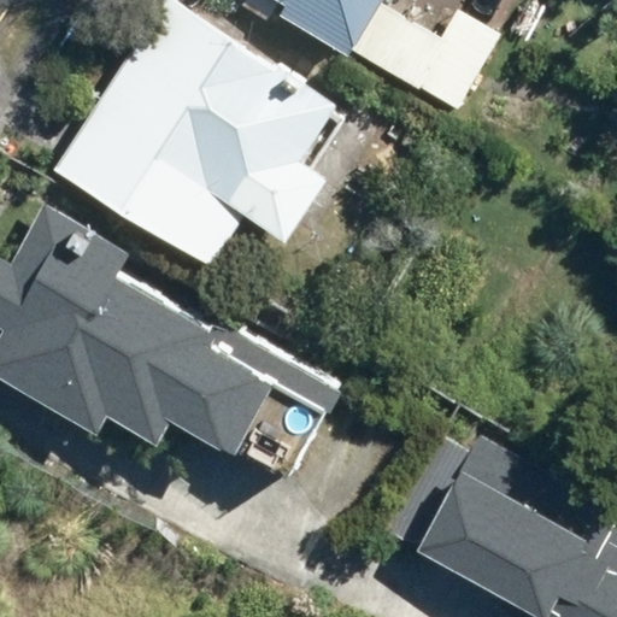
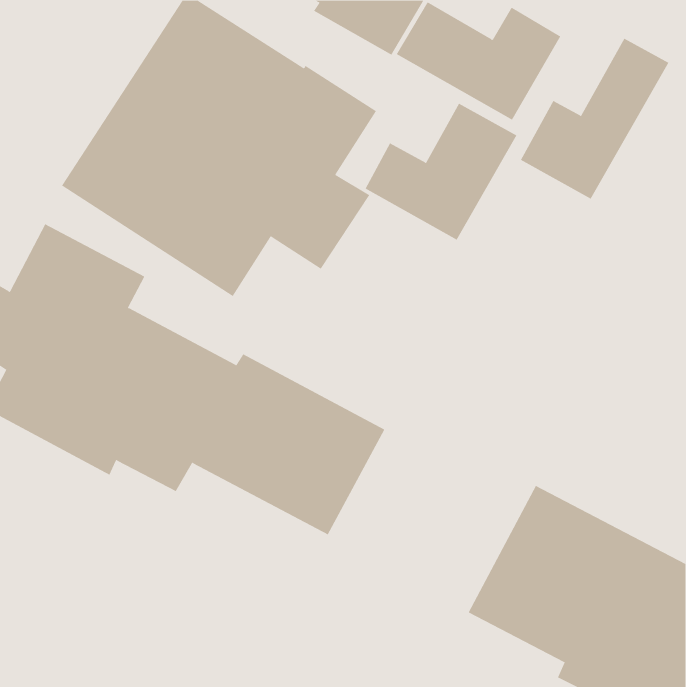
building: none -> [520,38,669,200]
building: none -> [365,103,517,240]

